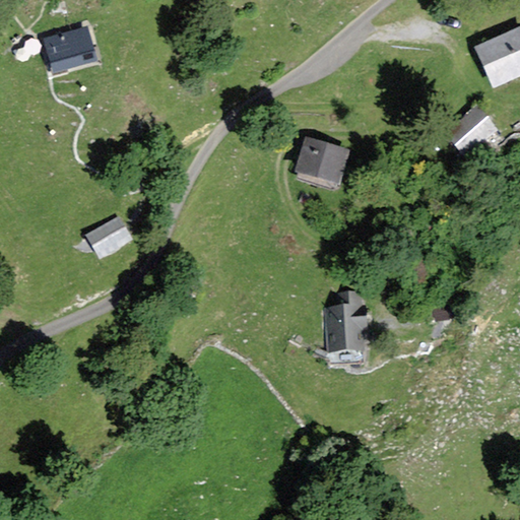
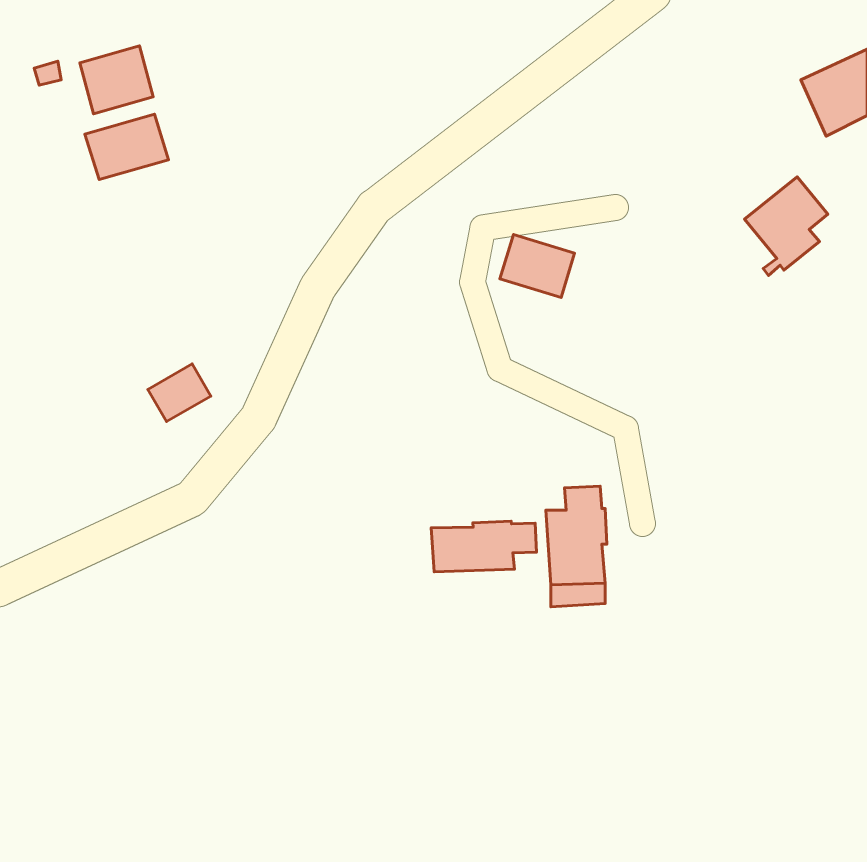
building: none -> [85,114,169,180]
building: none -> [431,521,537,572]

